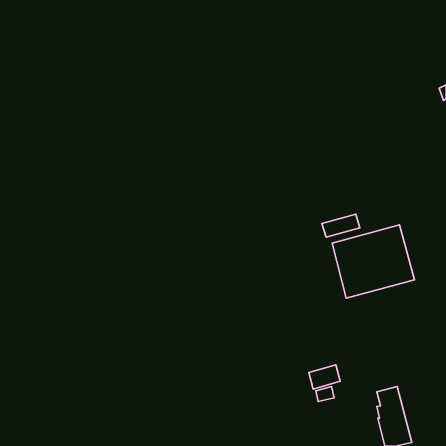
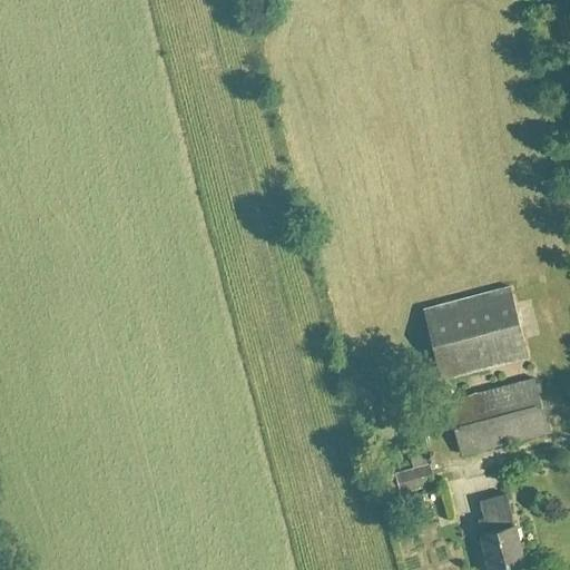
building: [322,214,360,237] -> none
building: none -> [446,379,547,455]

